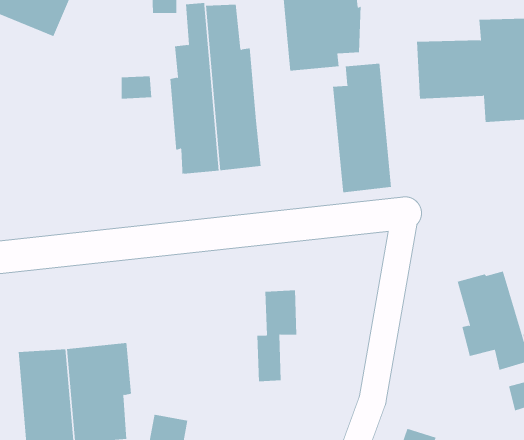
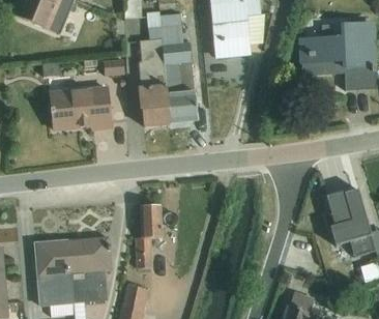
building: [333,63,391,193] -> none
building: none -> [49,85,111,129]
building: [257,290,297,382] -> [135,206,162,267]

